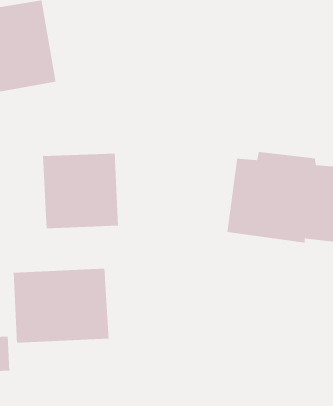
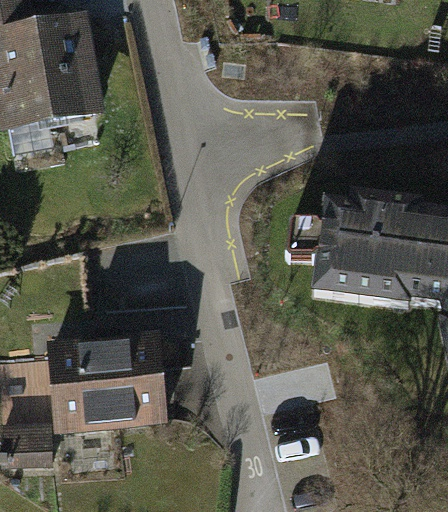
building: [42,153,119,229] -> none

